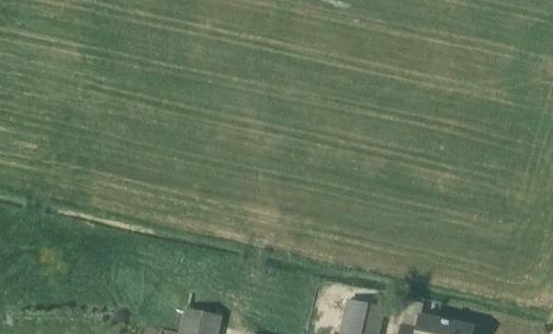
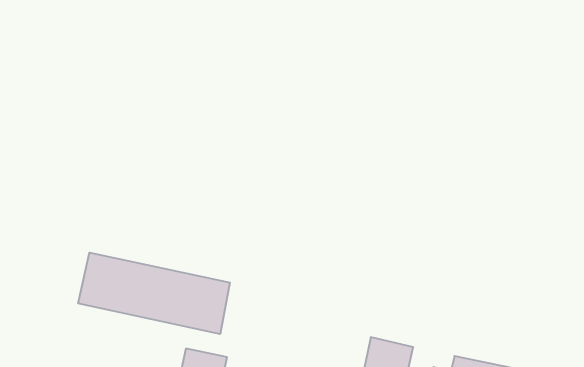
building: none -> [78,253,230,334]

